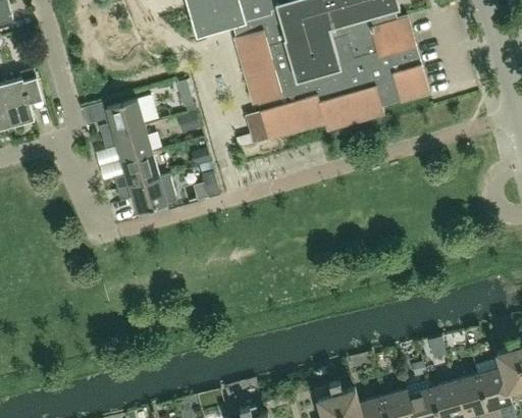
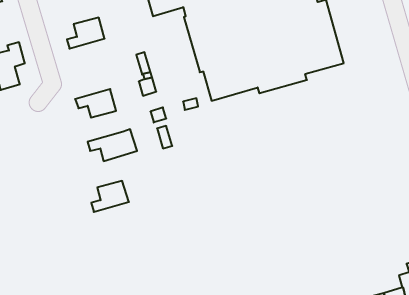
building: [98,99,144,137] -> [67,18,105,49]
building: [113,151,159,189] -> [91,181,129,212]

